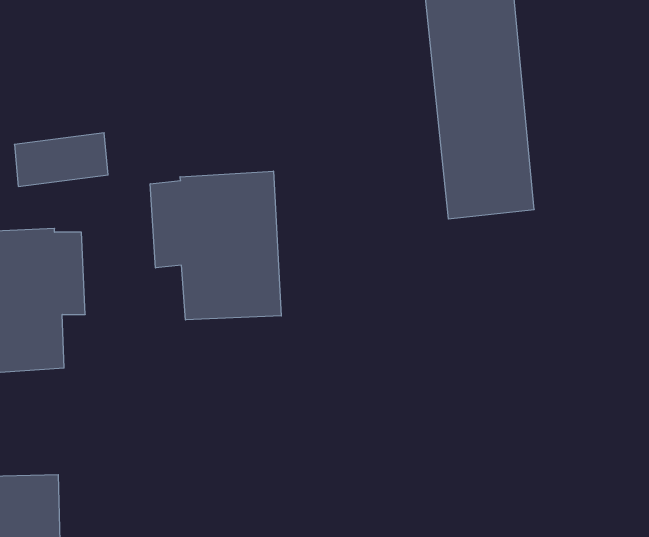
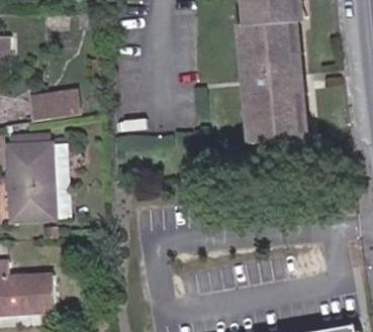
building: [150,171,281,320] -> none

